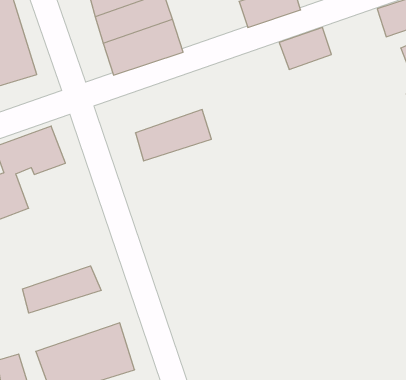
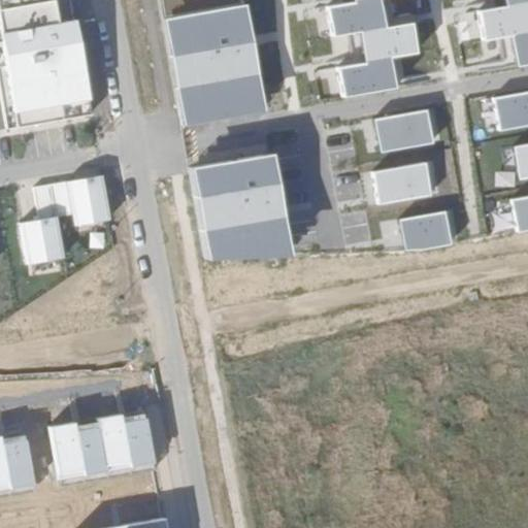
building: none -> [372,163,433,203]
building: none -> [194,153,277,196]
building: none -> [399,210,451,249]
building: none -> [202,217,292,257]
building: [23,266,101,313] -> none

